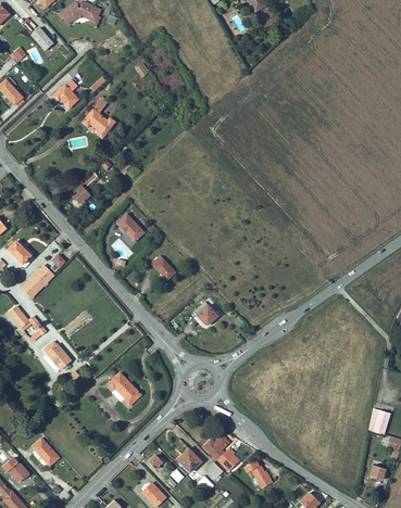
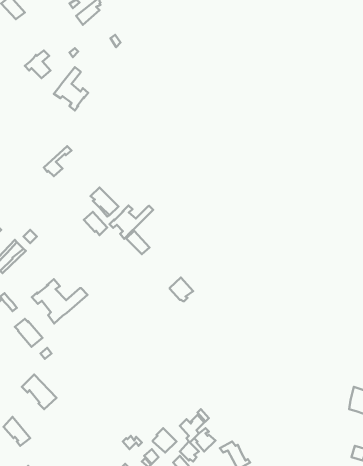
building: none -> [109,205,153,239]
building: none -> [32,279,87,323]
building: [108,372,141,406] -> [22,375,56,409]

